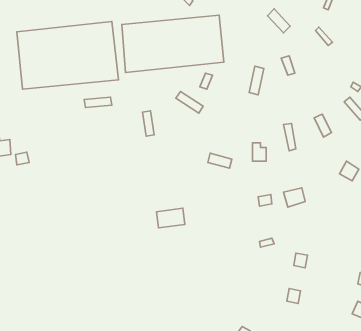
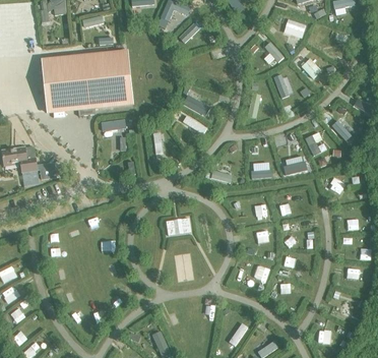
building: [122,15,224,73] -> none

